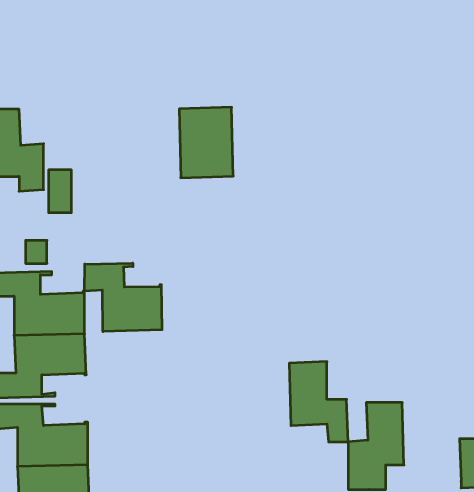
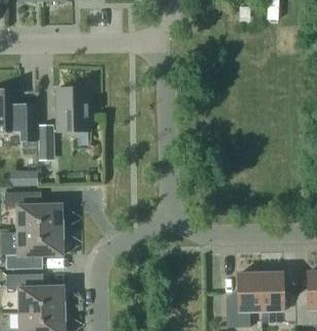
building: [179,107,233,178] -> [56,87,90,131]
building: [85,263,162,332] -> none
building: [289,362,348,442] -> [260,272,297,322]

